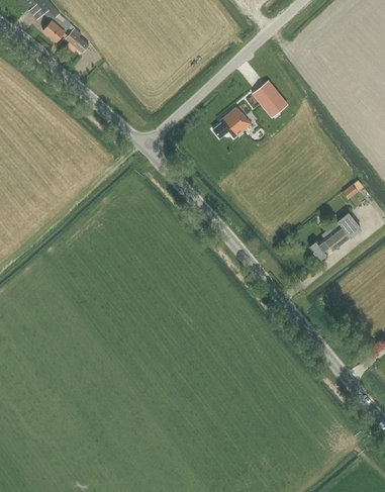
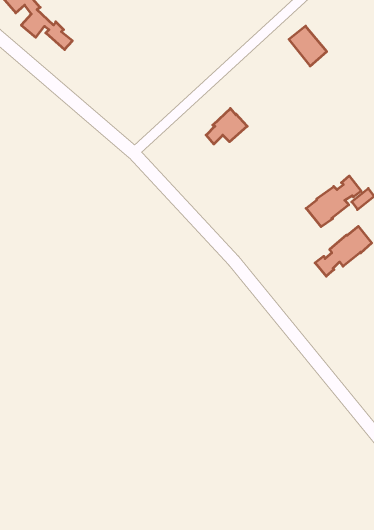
building: [254,81,288,117] -> [289,26,327,66]
building: none -> [306,176,361,227]

